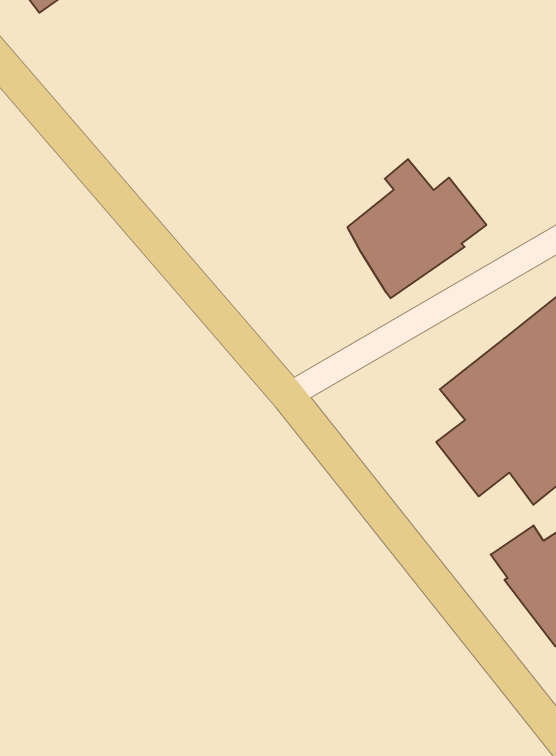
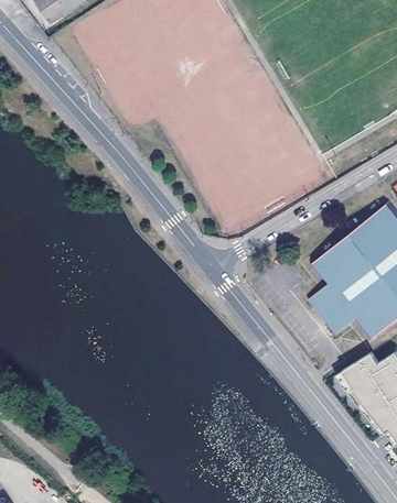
building: [348,159,486,298] -> none

